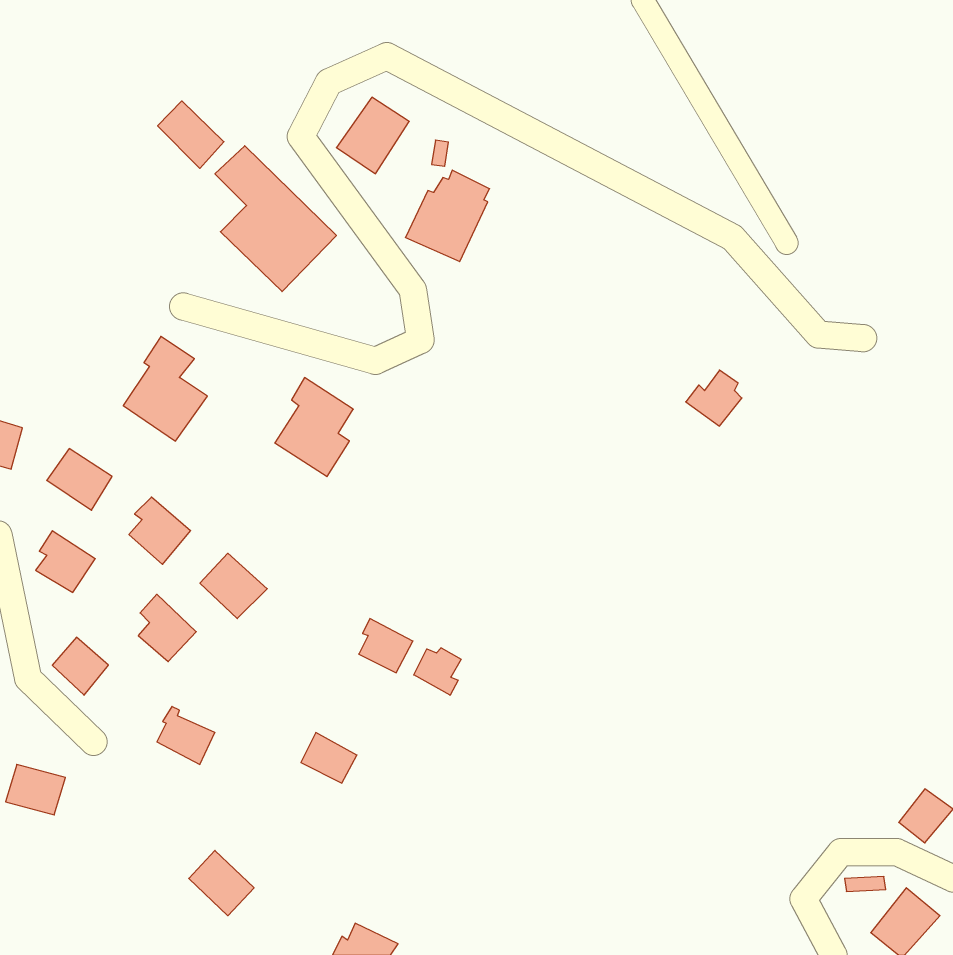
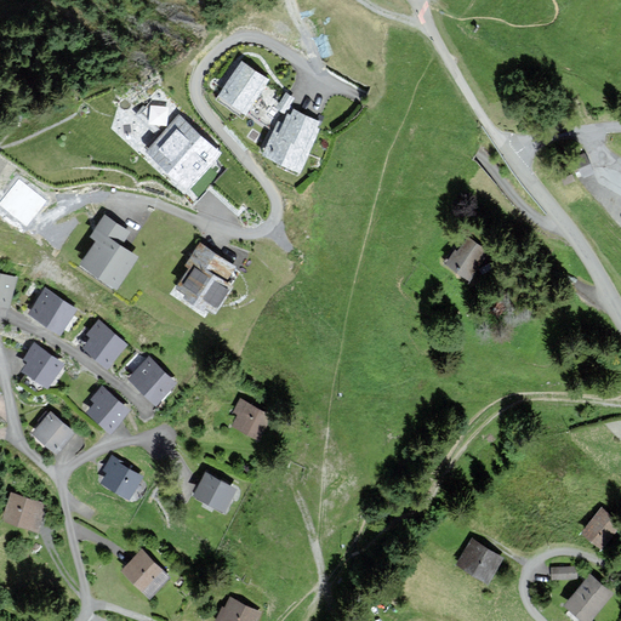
building: [158,101,224,168] -> none
building: [414,648,461,695] -> none
building: none -> [458,541,501,581]

